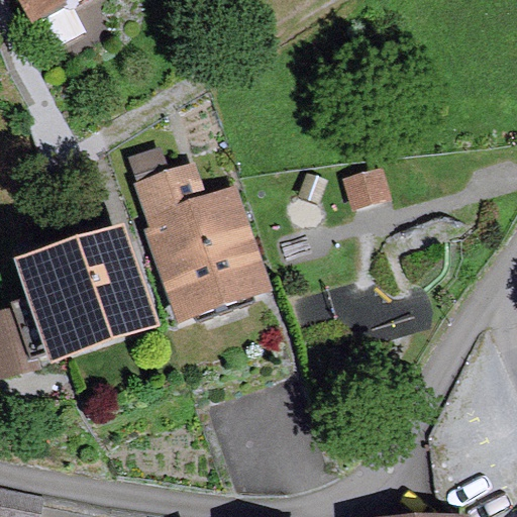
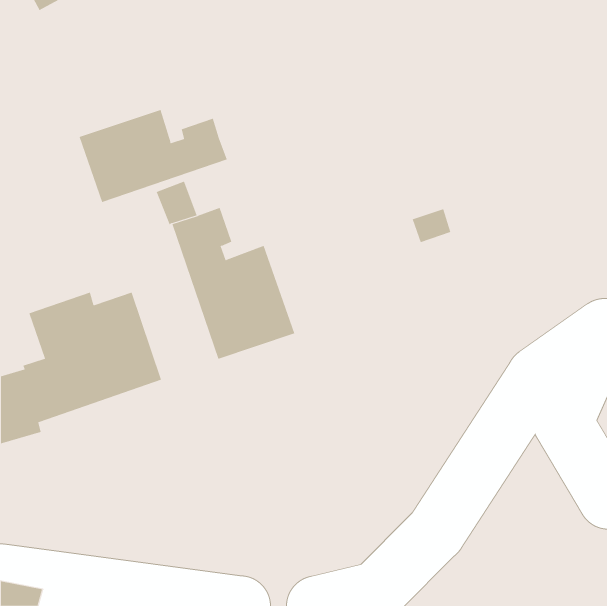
building: none -> [79,109,227,203]

